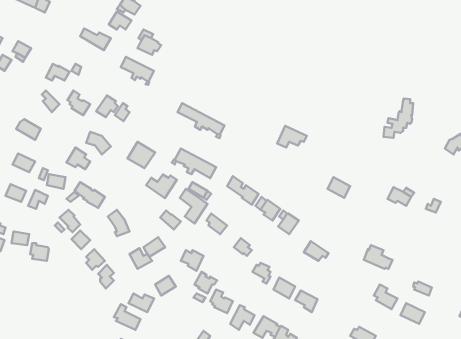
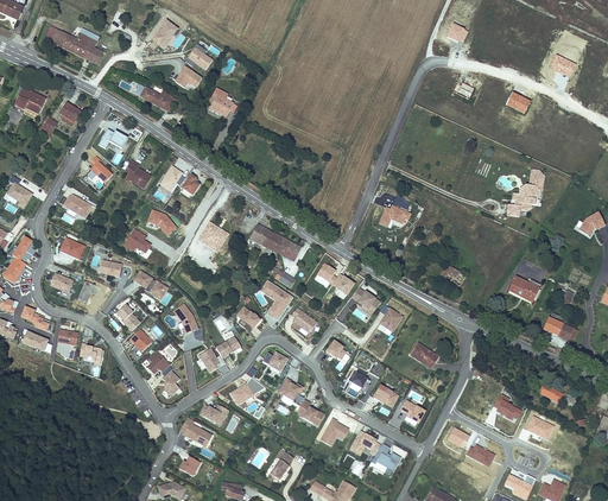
building: [121,57,154,85] -> none
building: [178,103,224,138] -> none
building: [146,175,177,198] -> none
building: [364,245,392,269] -> [543,311,577,340]

